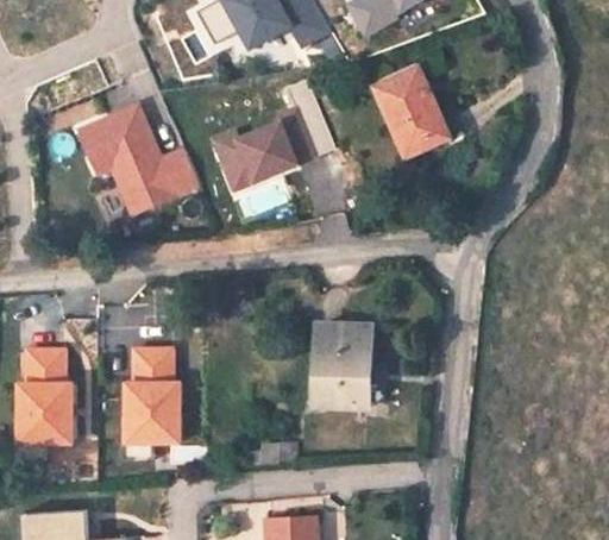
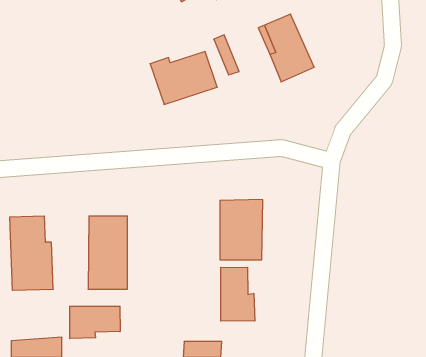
building: [81,101,201,219] -> none
building: none -> [221,267,255,321]
building: none -> [70,306,120,339]

